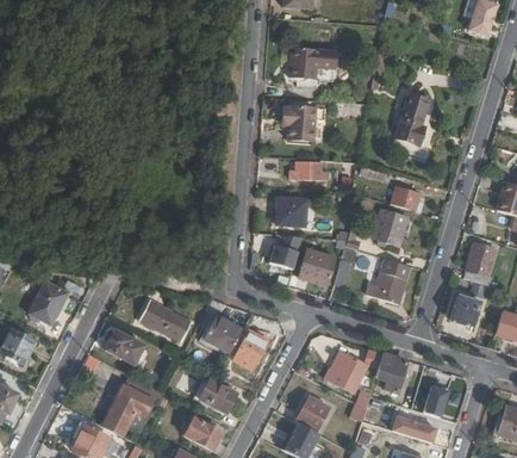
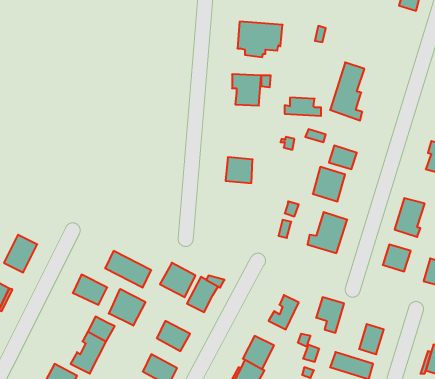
building: [288,160,329,180] -> [285,98,321,116]
building: [269,231,300,267] -> none
building: [298,248,335,283] -> none
building: none -> [109,289,145,326]

